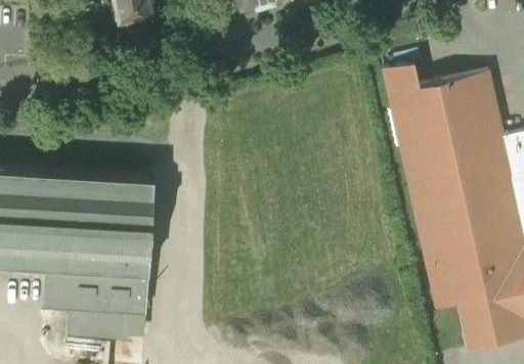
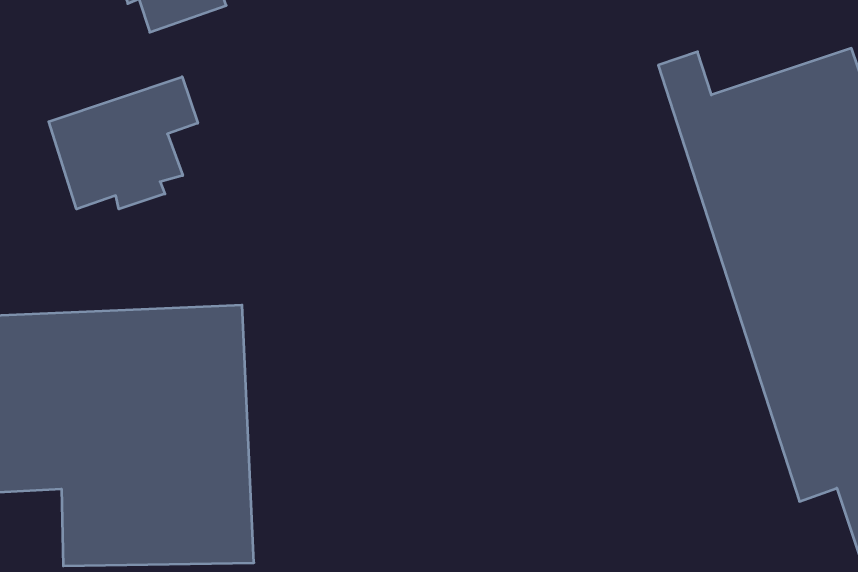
building: none -> [49,77,198,209]

